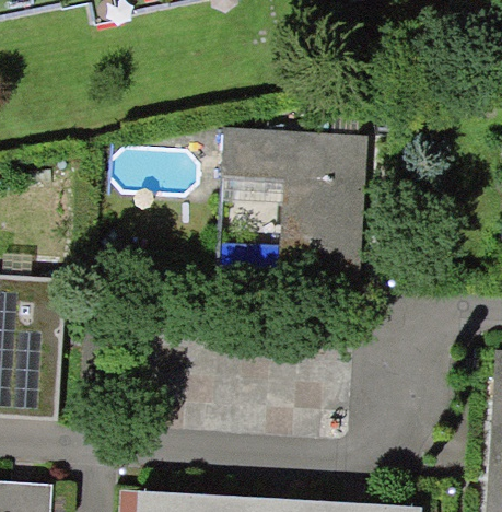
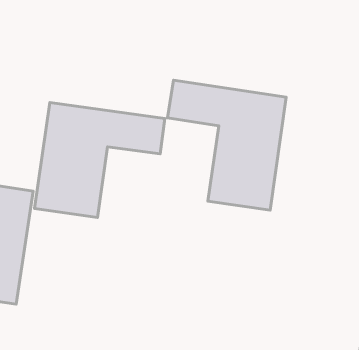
building: none -> [34,102,165,218]

